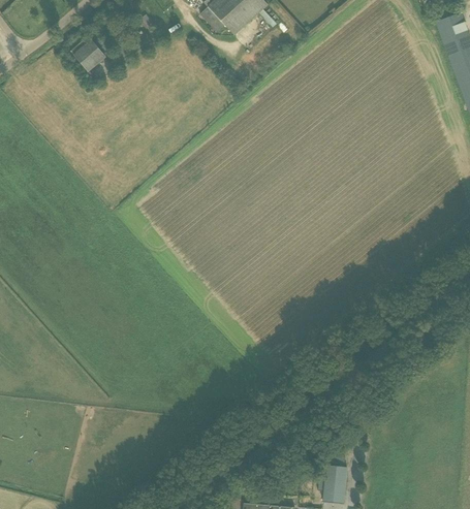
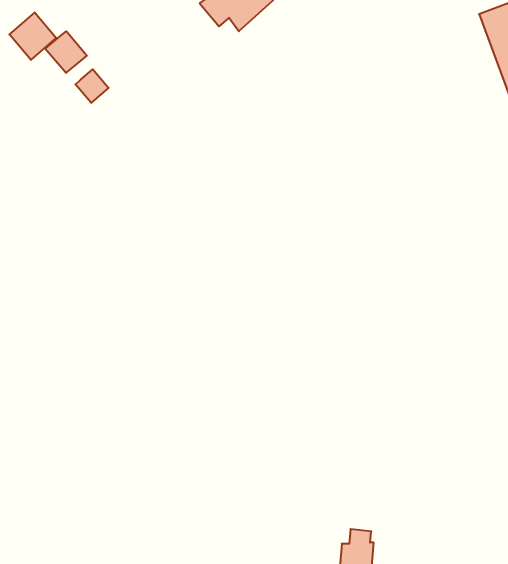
building: none -> [9,12,56,60]
building: none -> [75,69,109,103]

